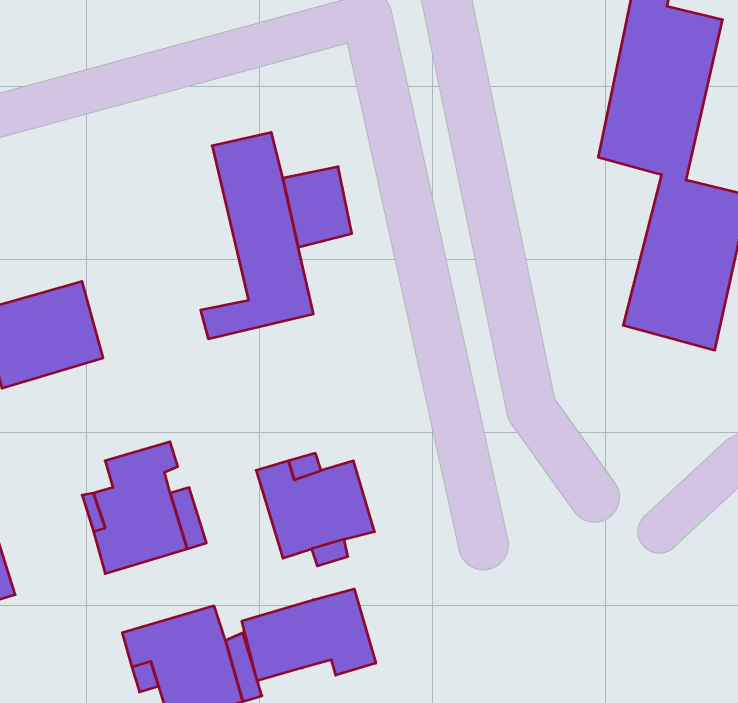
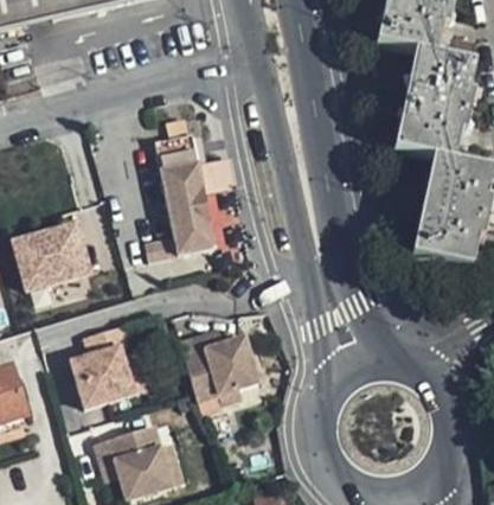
building: [242,589,376,681] -> none

